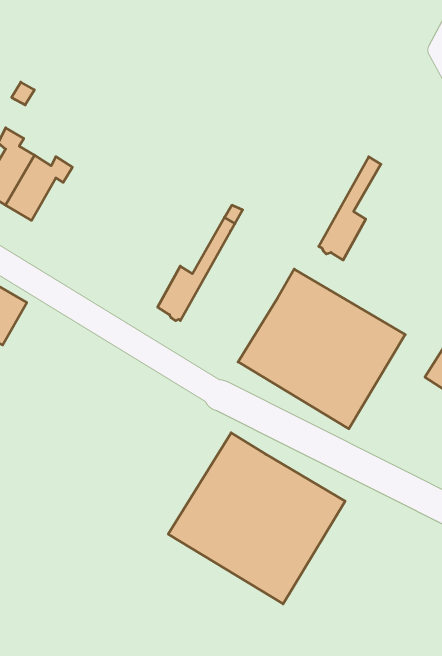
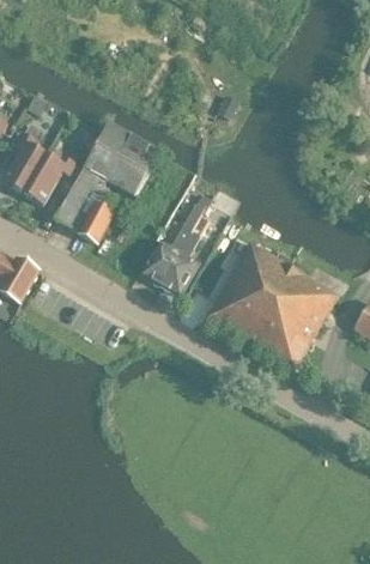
building: none -> [54,120,158,242]
building: [319,157,381,260] -> [160,212,210,293]
building: [168,433,345,604] -> none

